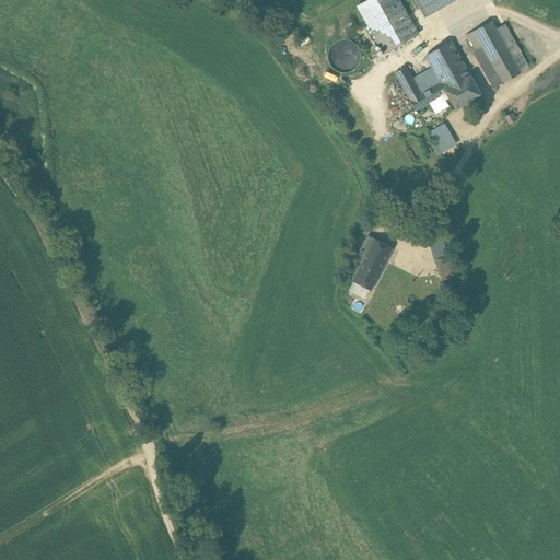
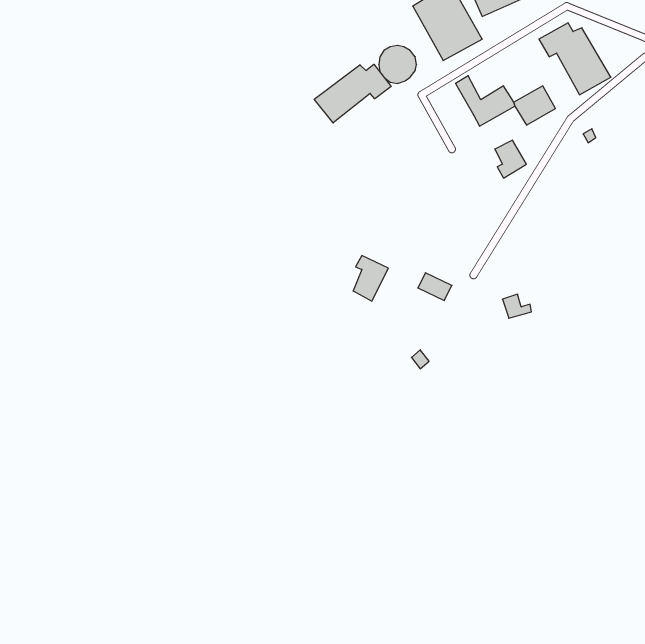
building: [425,40,470,89] -> none
building: none -> [314,64,391,123]
building: [354,249,385,289] -> [353,256,388,301]

